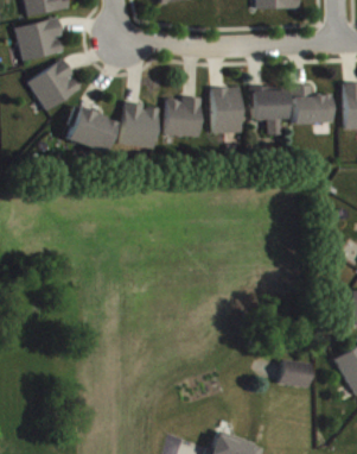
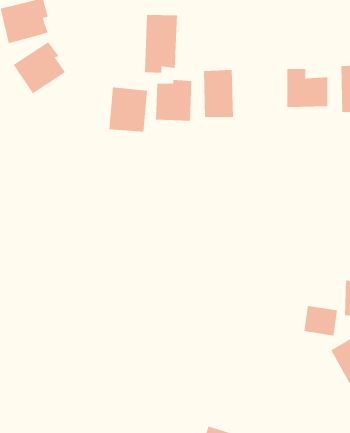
building: none -> [144,14,178,73]
building: [250,86,286,134] -> none
building: [64,107,115,153] -> none
building: [279,359,312,389] -> [304,305,338,336]

